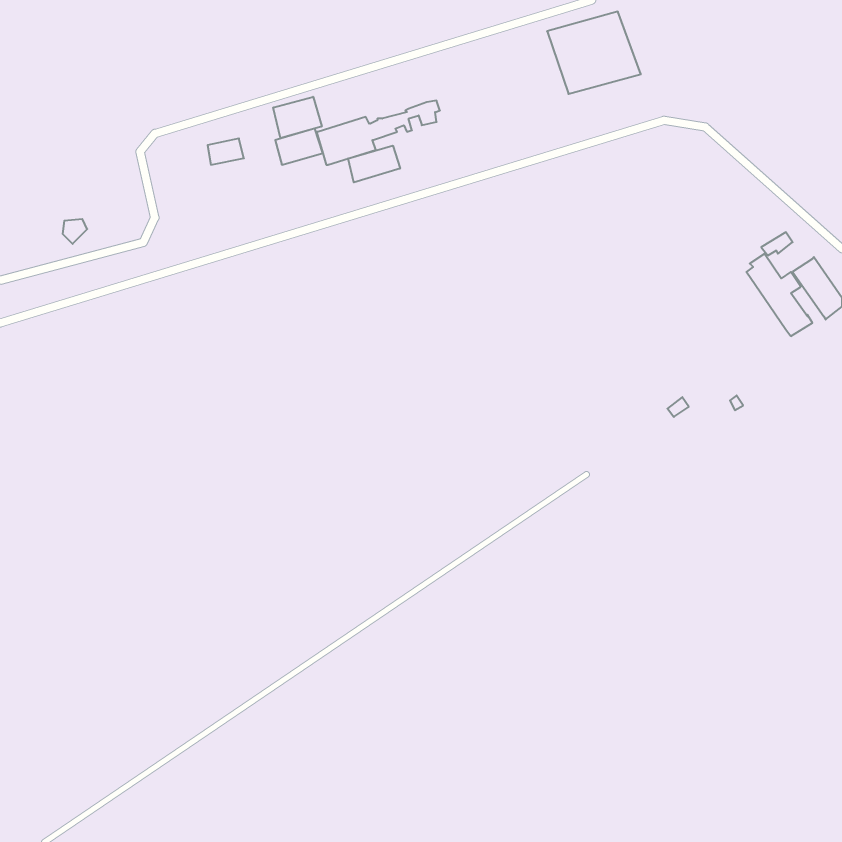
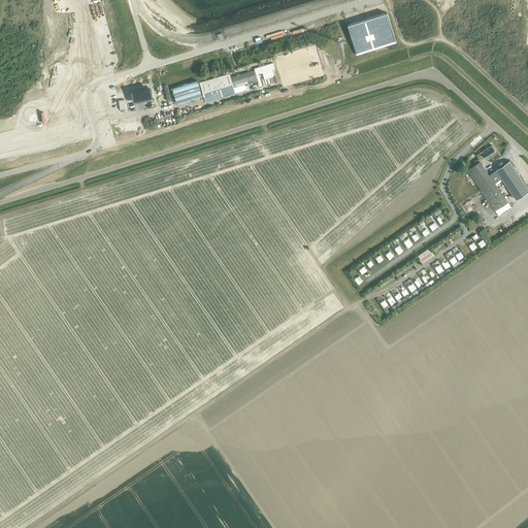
building: [273,97,322,138] -> none
building: [348,146,400,182] -> none

